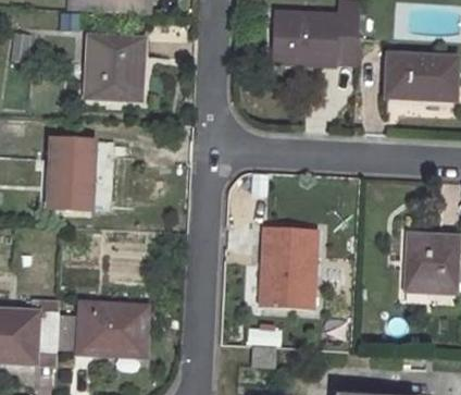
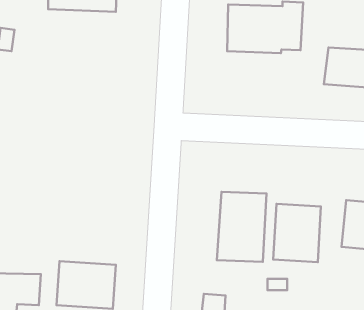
building: [84,36,142,99] -> none
building: [46,143,105,211] -> none
building: none -> [273,204,321,262]

